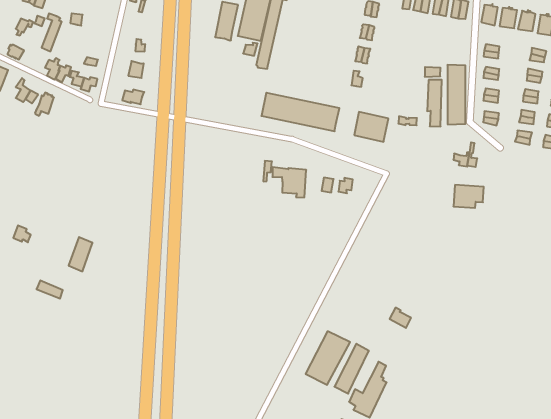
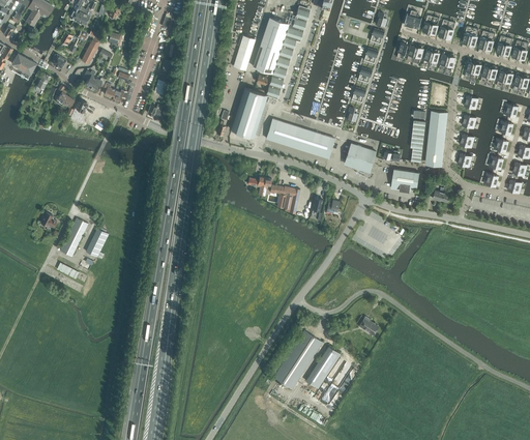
building: none -> [231,88,267,138]
building: [453,185,484,208] -> [391,170,419,192]
building: none -> [60,217,89,257]

